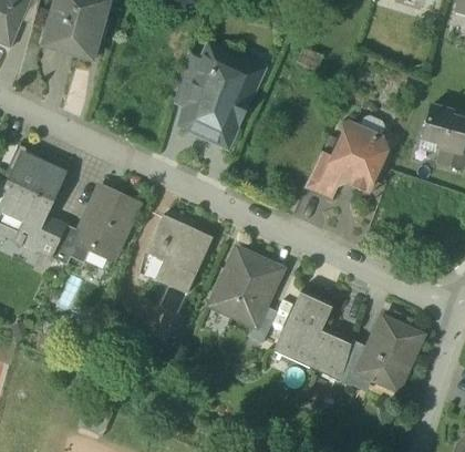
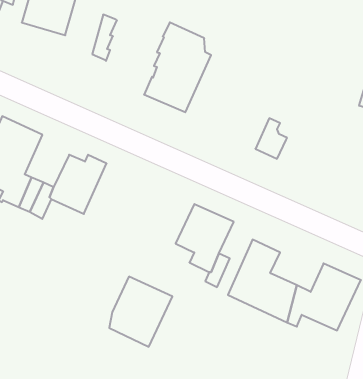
building: [175,54,203,106] -> [92,15,117,61]
building: [330,123,383,189] -> none
building: [141,214,211,292] -> [109,277,172,347]

